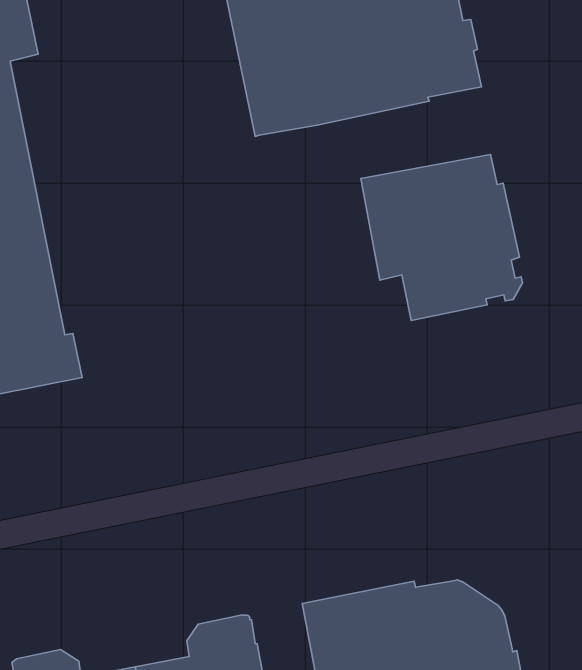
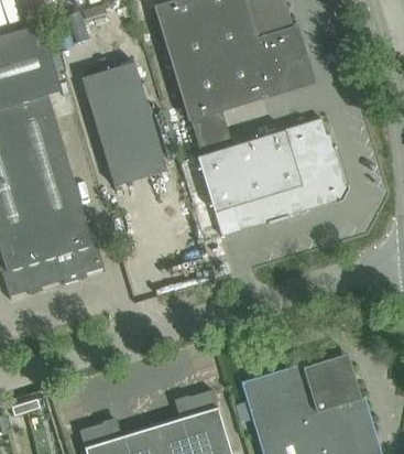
building: none -> [80,61,167,187]
building: none -> [190,112,286,230]

